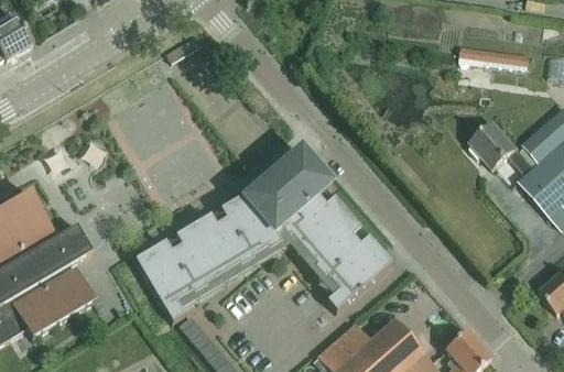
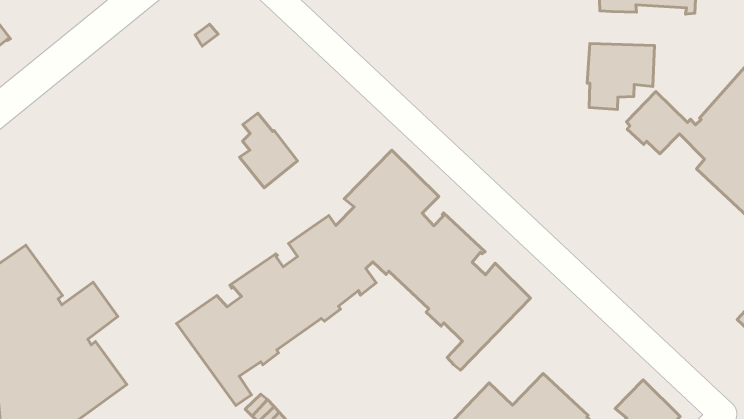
building: none -> [587,43,654,109]
building: none -> [239,113,298,188]

